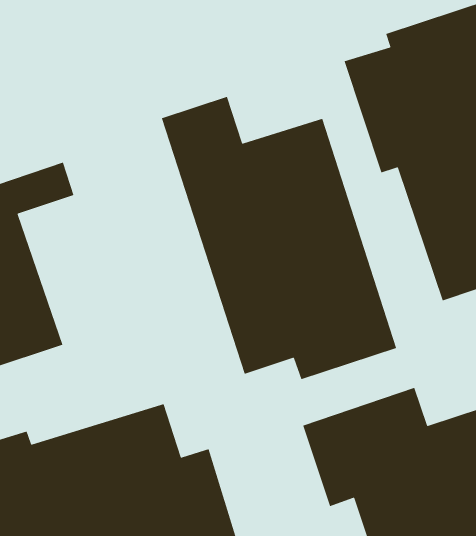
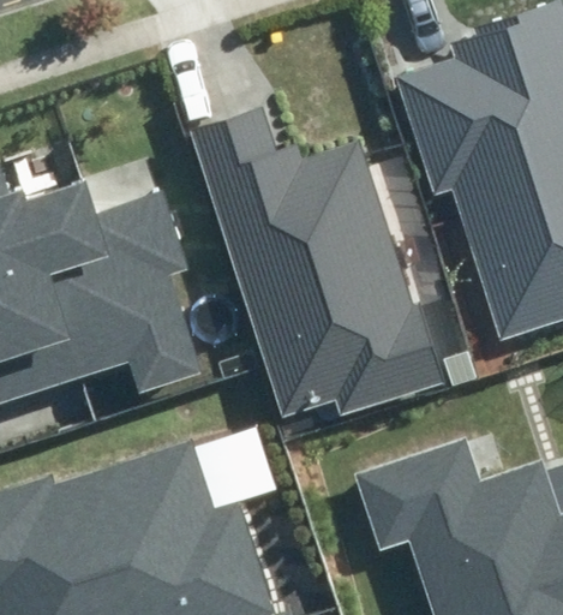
building: none -> [35,196,202,396]

